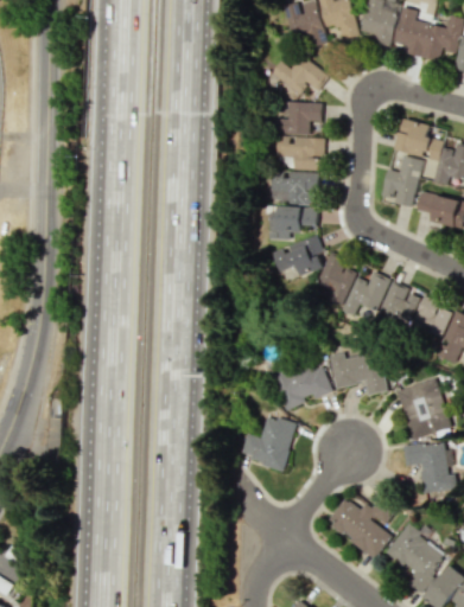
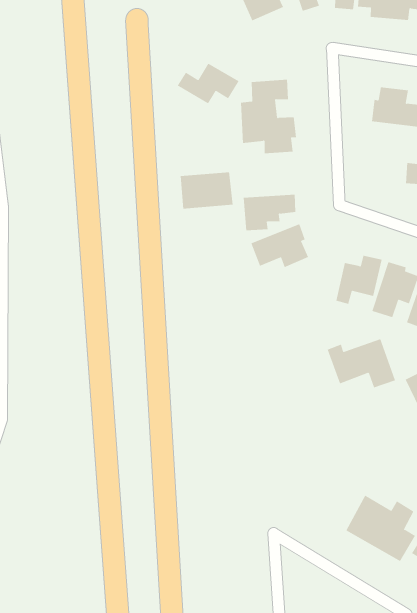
building: [269,55,328,92] -> [177,63,239,104]
building: [380,155,422,205] -> none
building: [268,171,316,203] -> [180,172,233,209]
building: [311,256,356,305] -> none
building: [271,357,331,409] -> none
building: [239,415,297,468] -> none

